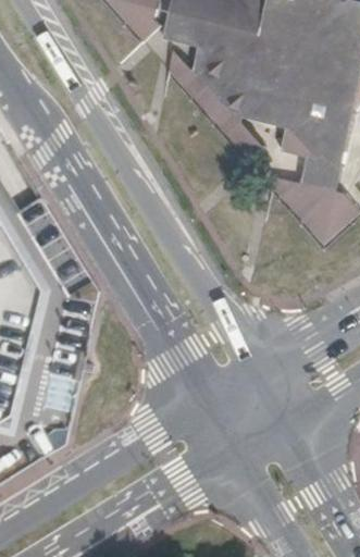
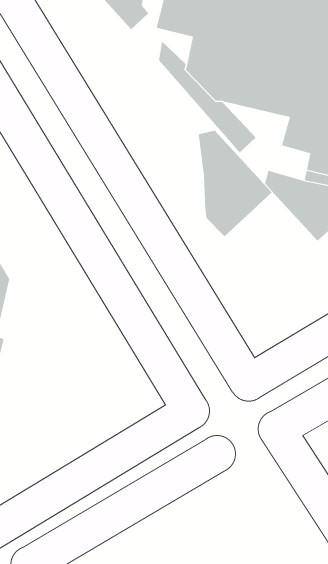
building: none -> [198,130,272,237]

